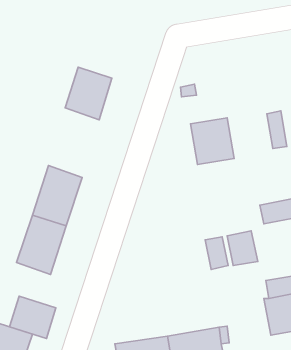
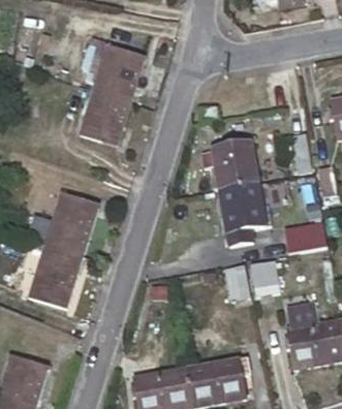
building: none -> [94,45,144,100]
building: none -> [218,184,265,235]
building: [10,296,56,339] -> none

